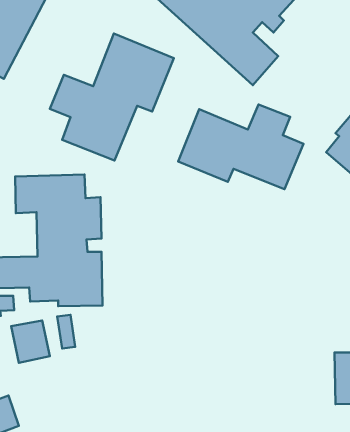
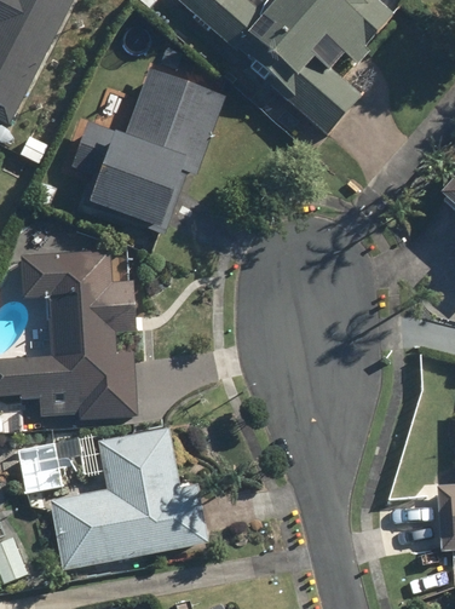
building: [178,104,303,189] -> none
building: none -> [51,426,207,570]

